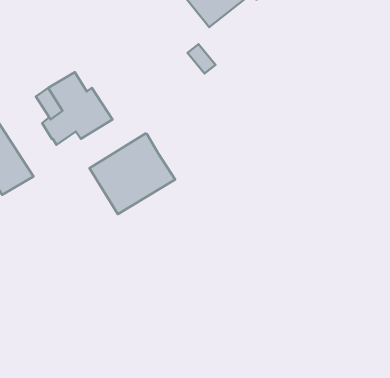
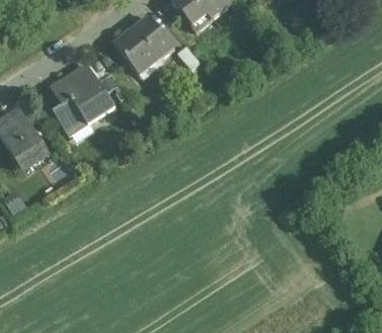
building: none -> [113,15,174,75]
building: [90,133,175,214] -> none

